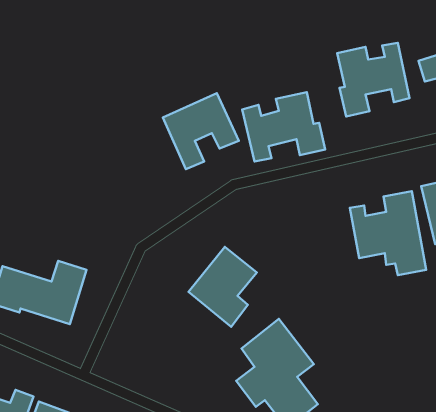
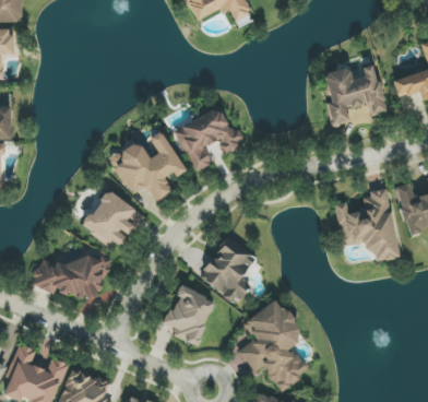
building: [242,92,325,161] -> none
building: none -> [110,130,185,202]
building: none -> [83,190,145,245]
building: none -> [162,286,215,345]

